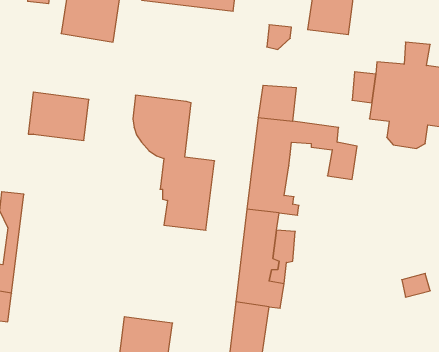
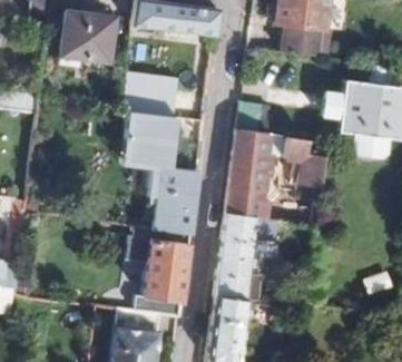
building: [28,92,89,140] -> [122,74,177,117]
building: none -> [130,226,190,320]

